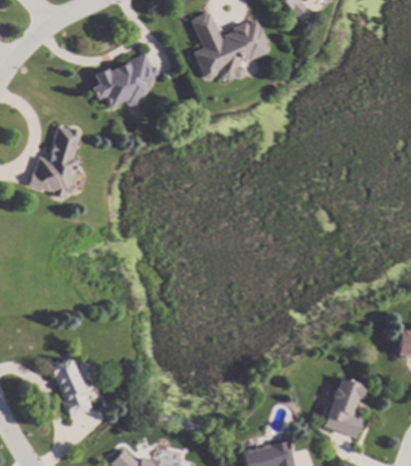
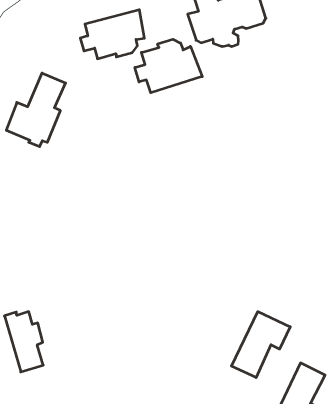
building: none -> [135,39,202,93]
building: none -> [231,312,290,378]

